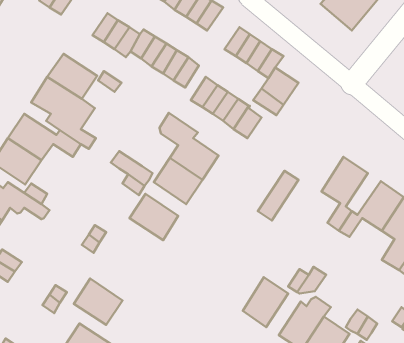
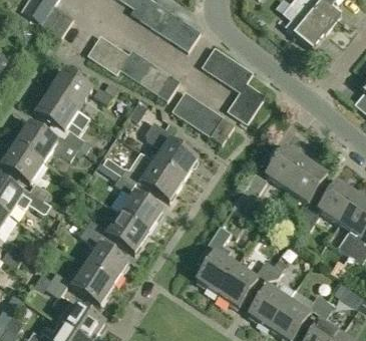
building: none -> [265,144,305,189]
building: none -> [105,212,148,252]
building: none -> [196,224,236,292]
building: none -> [85,243,127,283]

